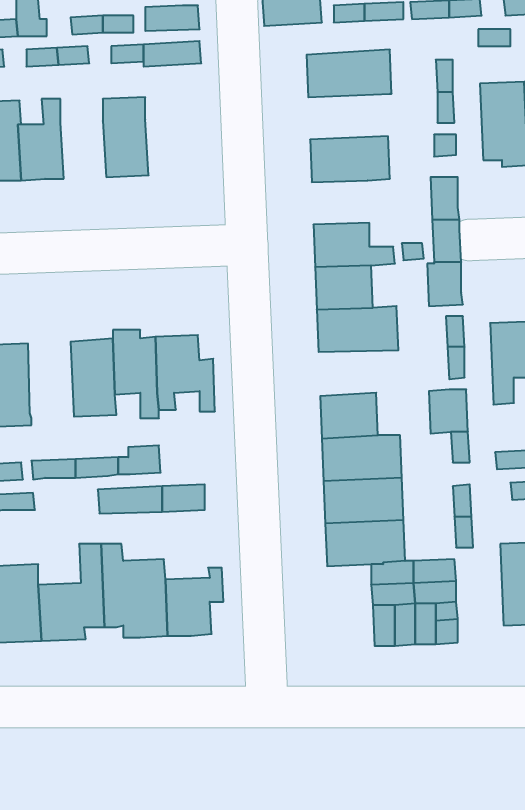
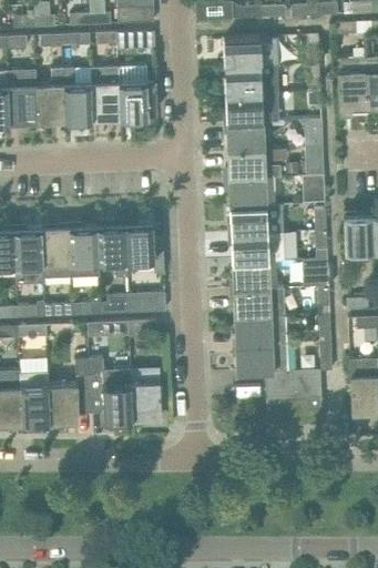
building: none -> [217,65,278,95]
building: none -> [62,69,92,121]
building: none -> [118,81,157,125]
building: none -> [226,122,264,151]
building: none -> [41,227,71,277]
building: none -> [231,233,284,263]
building: none -> [126,294,165,313]

